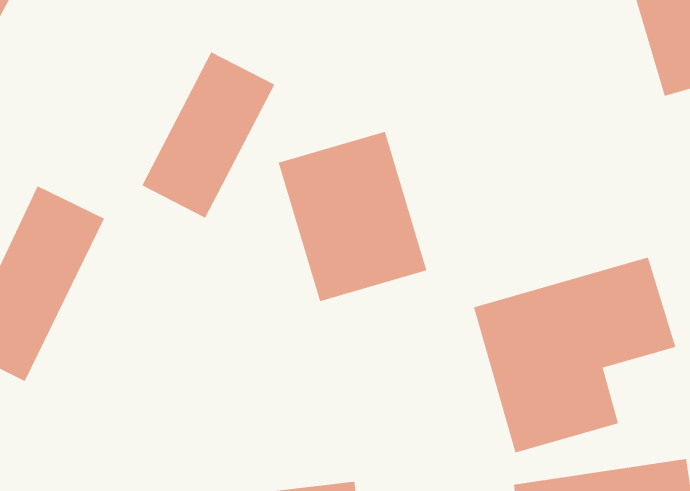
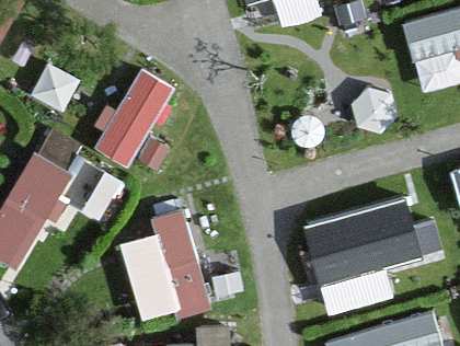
building: [278,131,427,302] -> [117,215,211,322]

